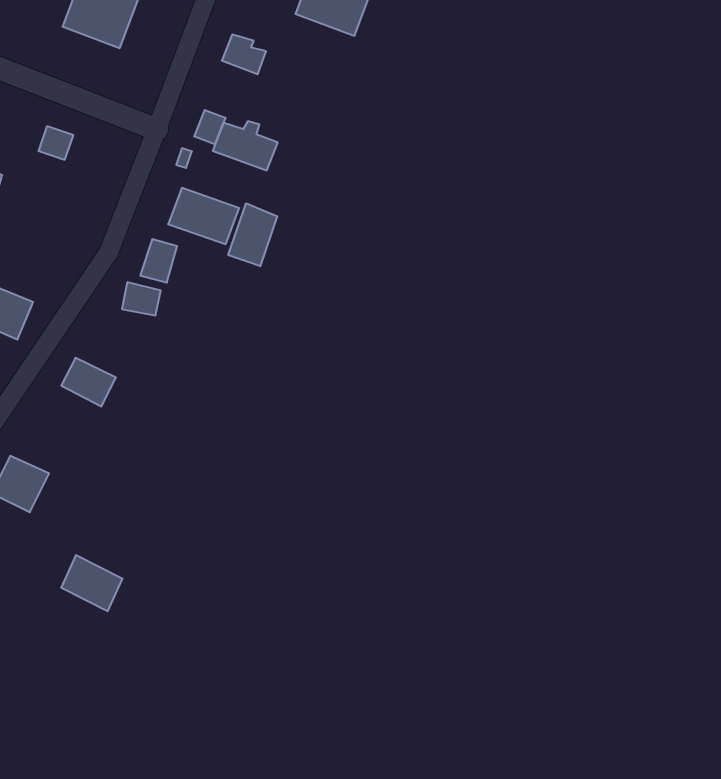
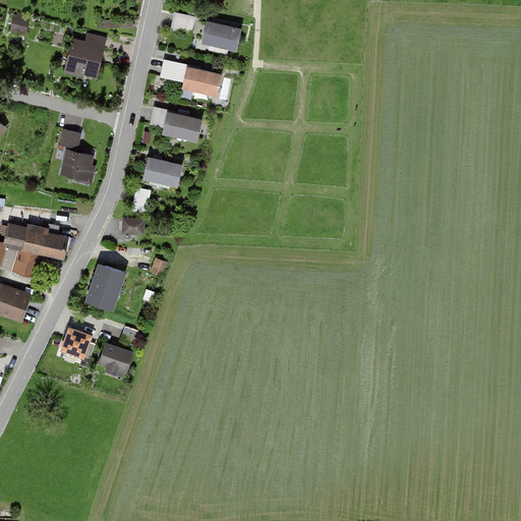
building: none -> [183,69,220,95]
building: none -> [62,152,92,180]
building: [228,203,277,266] -> none
building: none -> [86,283,118,309]
building: [61,555,123,611] -> [99,343,134,373]

